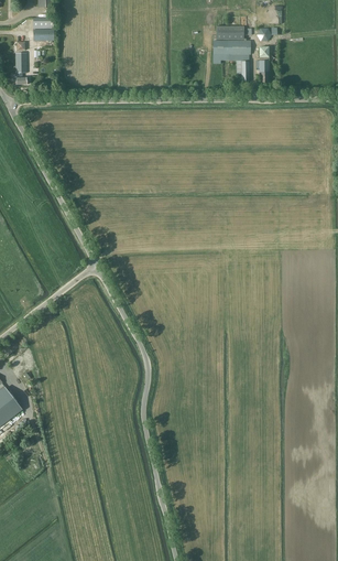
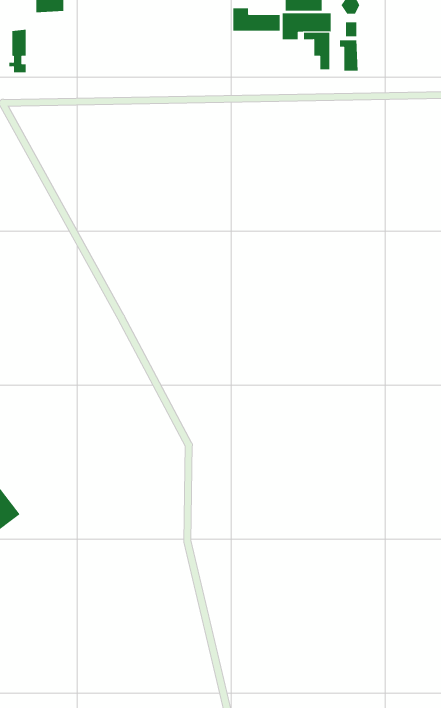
building: none -> [233,7,280,32]

